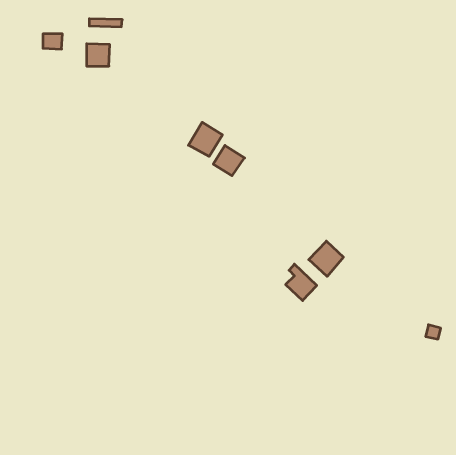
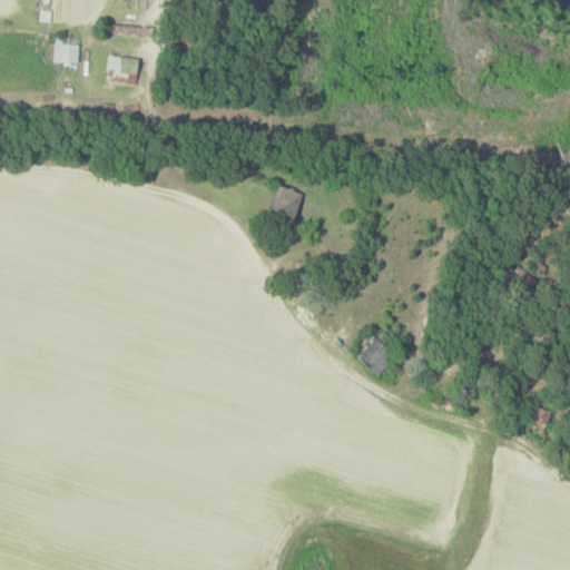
building: [188,122,222,156] -> none
building: [309,241,343,276] -> none

